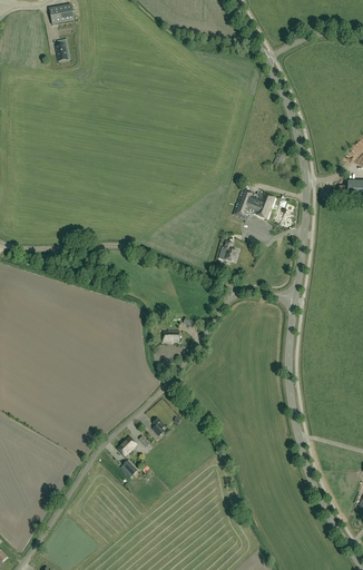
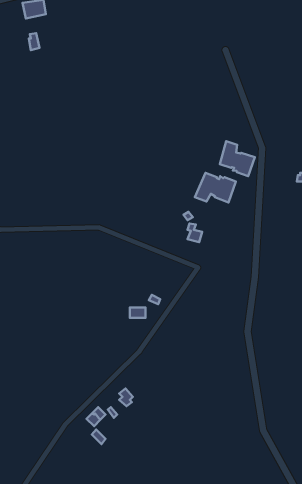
building: none -> [220,141,255,176]

